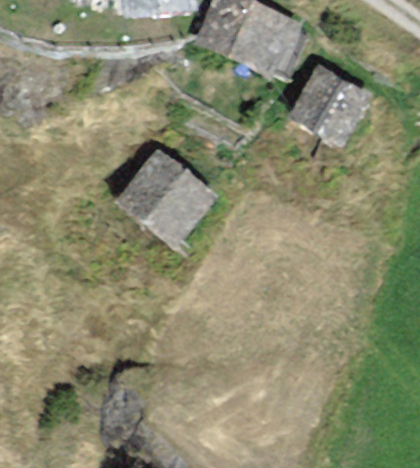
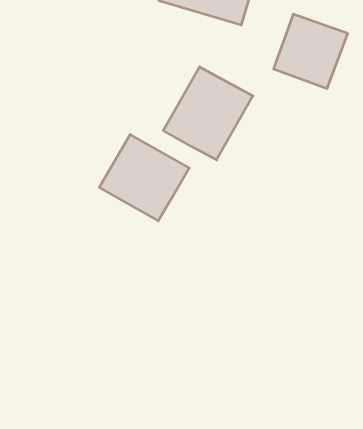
building: none -> [163,67,253,160]

